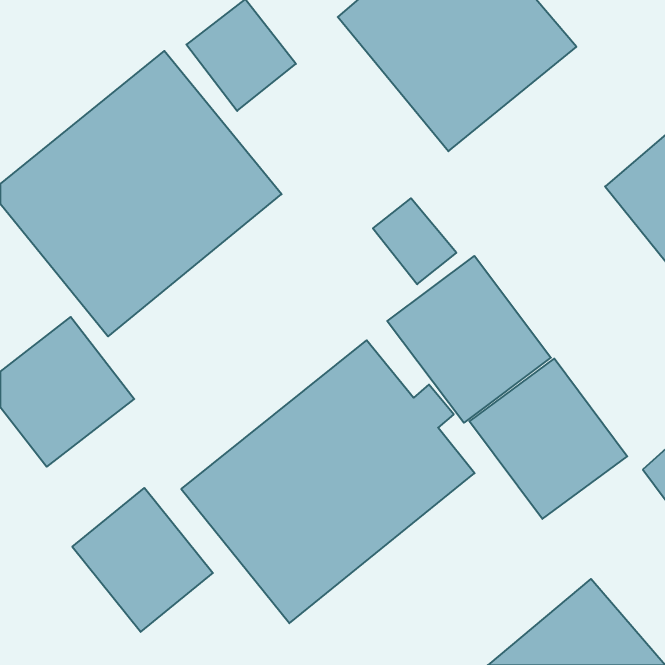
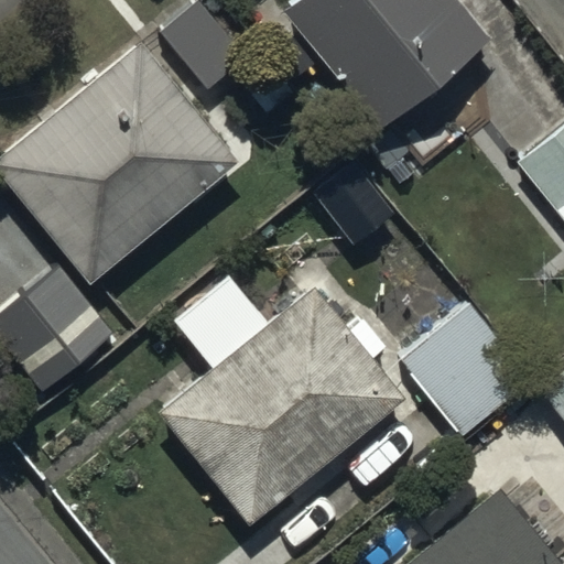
building: [387,256,551,423] -> none
building: [72,488,213,632] -> none

